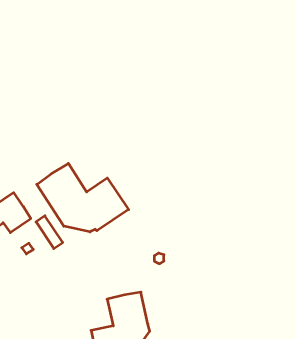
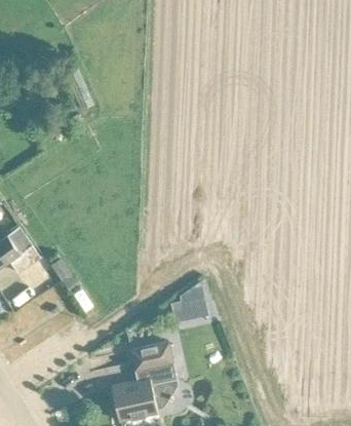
building: [37,163,129,232] -> none

